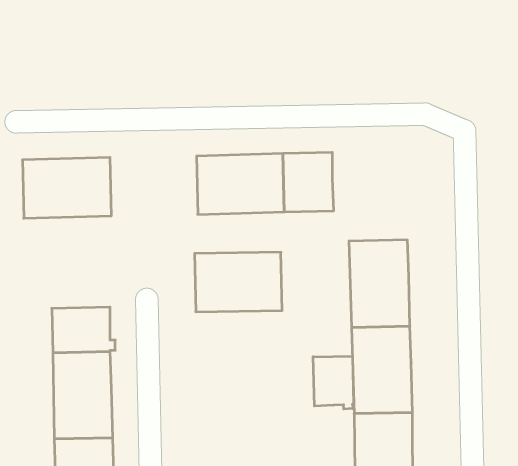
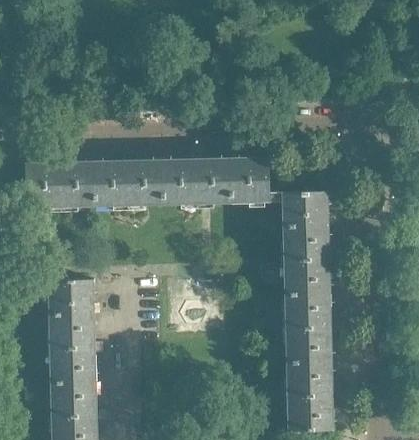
building: none -> [282,191,332,227]
building: [195,252,282,312] -> [94,160,163,207]
building: [313,356,354,409] -> none

